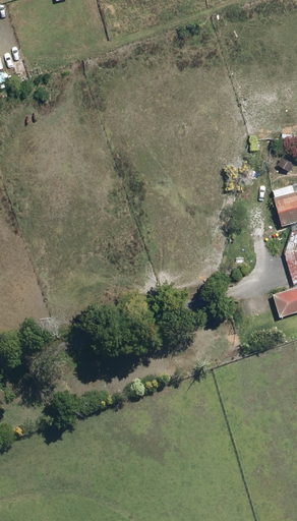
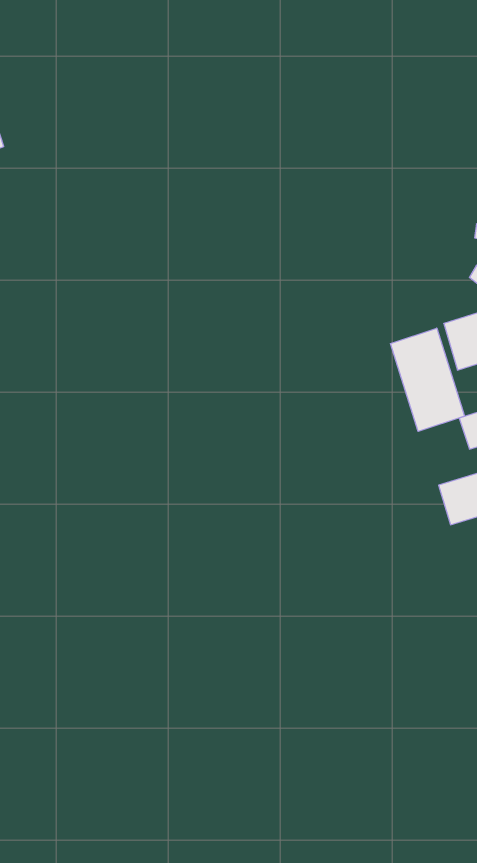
building: none -> [390,328,464,431]

